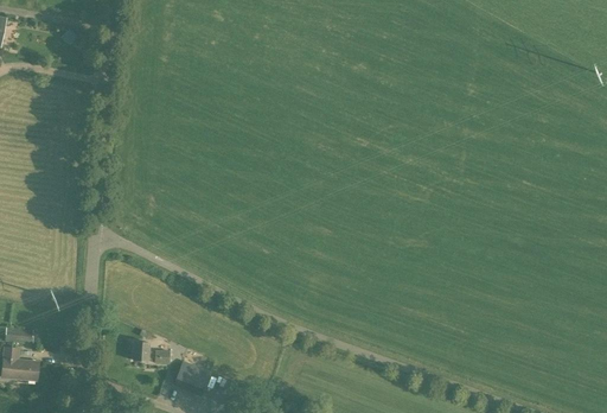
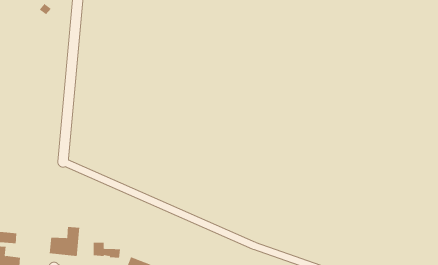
building: none -> [49,226,80,257]

